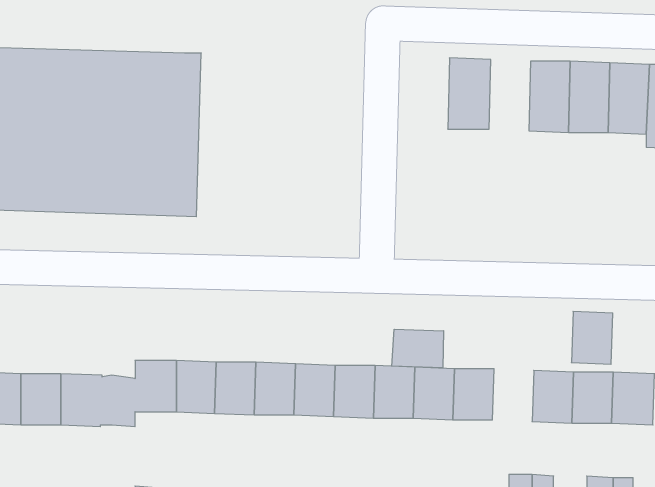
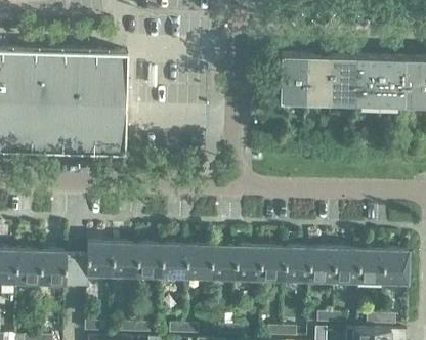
building: none -> [305,58,331,102]
building: [571,311,613,364] -> [307,250,333,283]
building: [392,329,444,368] -> none

